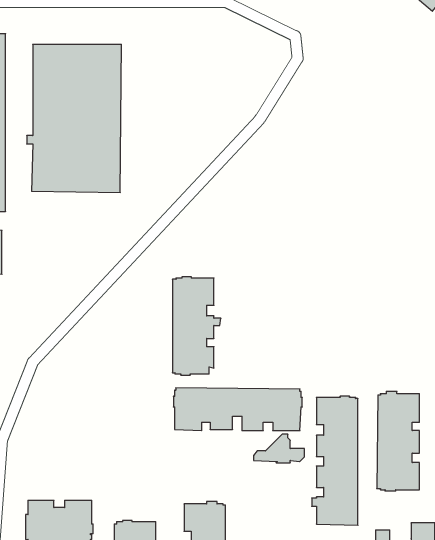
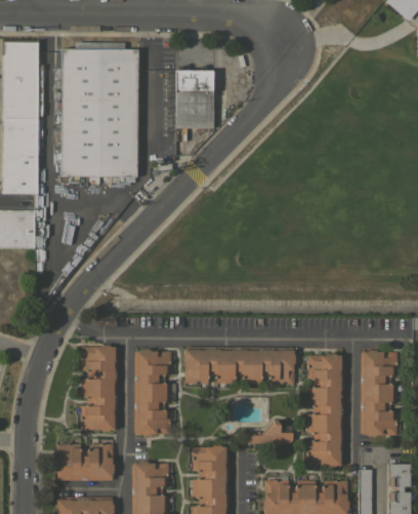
building: none -> [175,70,213,141]
building: [172,277,221,375] -> [134,350,176,435]
building: none -> [81,345,118,431]
building: [254,434,304,463] -> [249,421,293,445]

